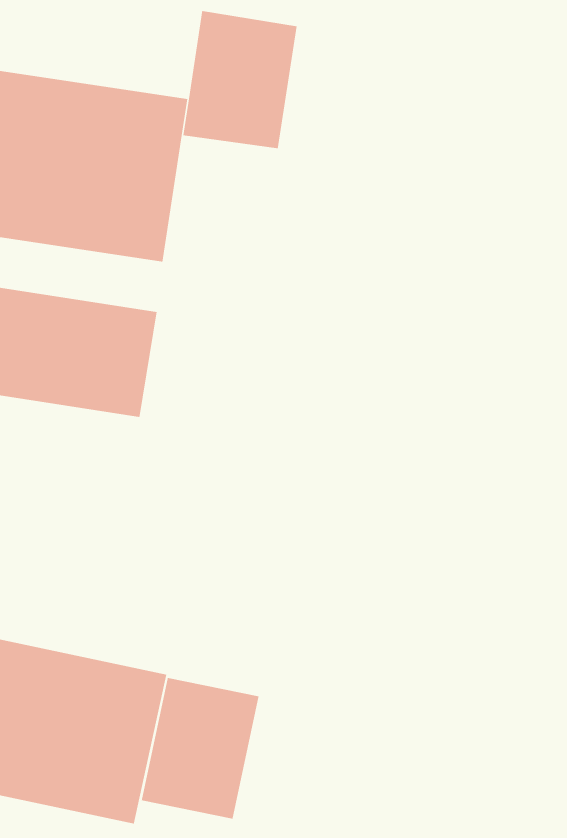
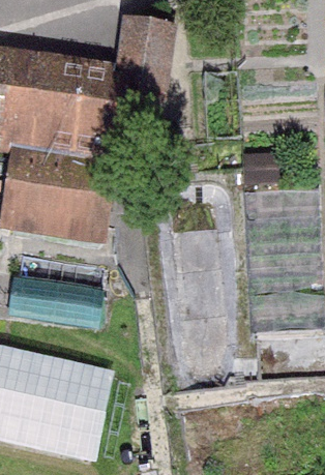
building: [141,677,259,819] -> none

